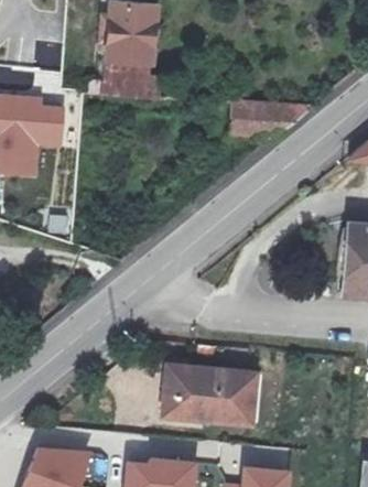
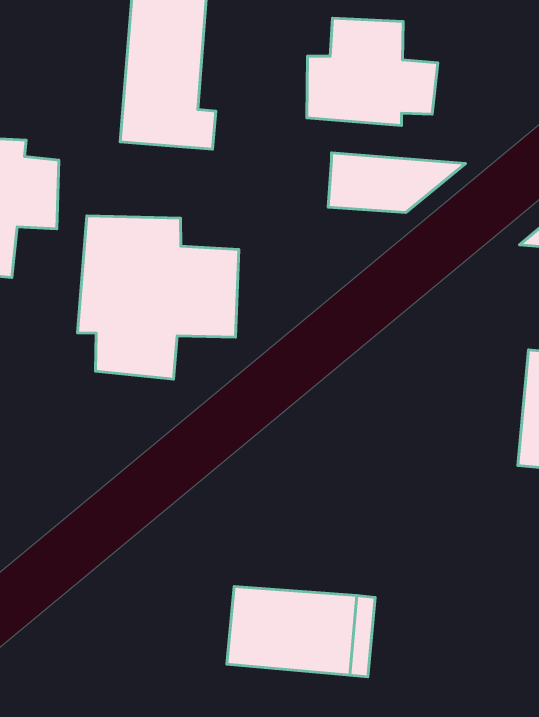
building: none -> [307,18,438,126]
building: none -> [78,216,239,379]

